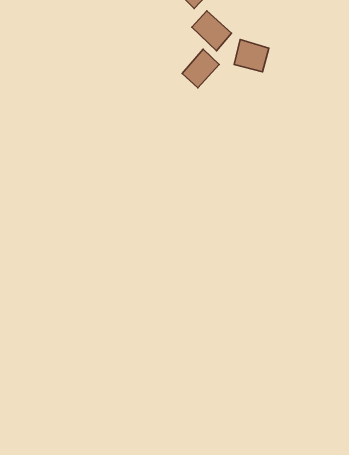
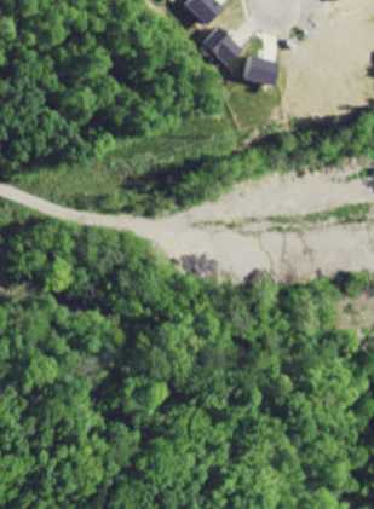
building: [182,49,219,88] -> none

